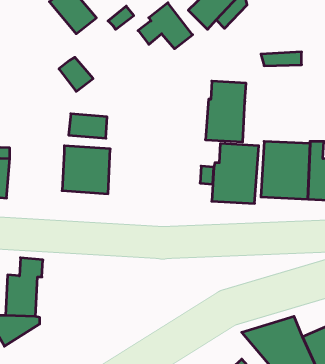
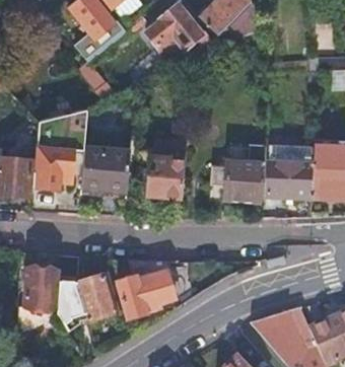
building: [205,81,246,142] -> [147,140,186,198]
building: none -> [36,111,83,191]
building: none -> [118,260,172,317]
building: none -> [59,272,119,326]

